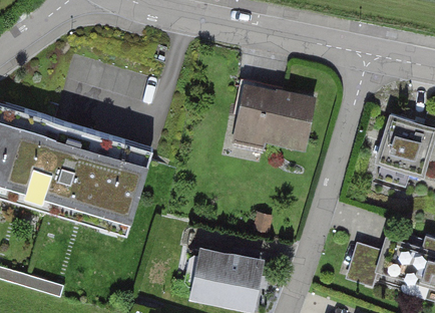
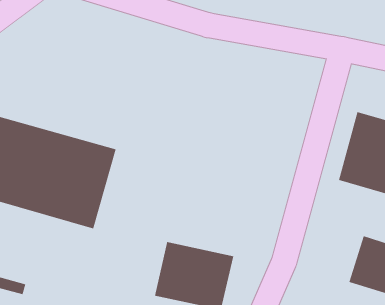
building: [236,79,316,151] -> none
building: [346,244,381,287] -> none

